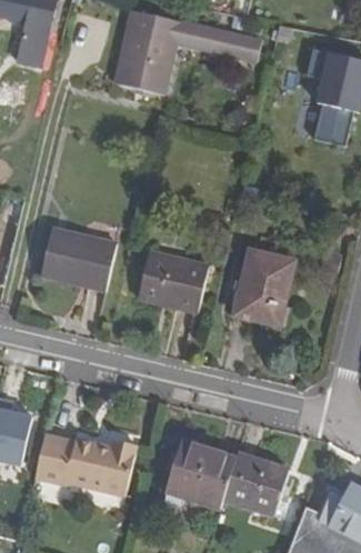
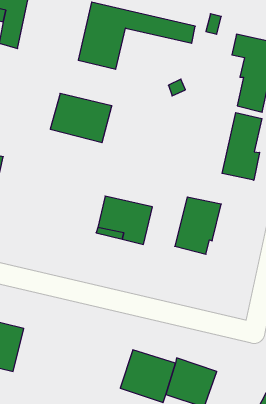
building: none -> [222,113,262,180]
building: [39,228,116,289] -> [50,93,112,143]
building: [34,435,136,495] -> none

